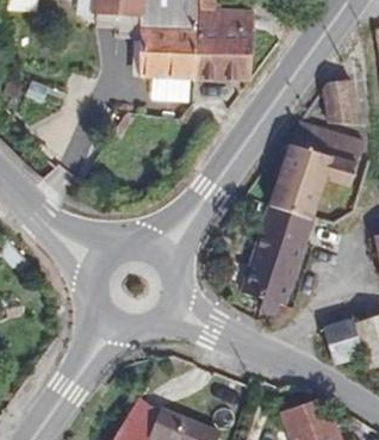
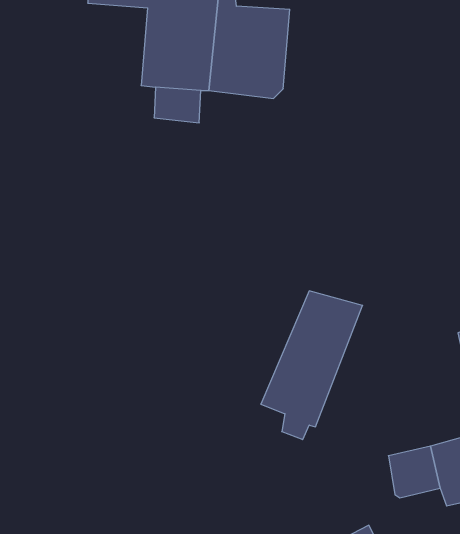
building: [322,69,359,135] -> none
building: [267,132,361,227] -> none

